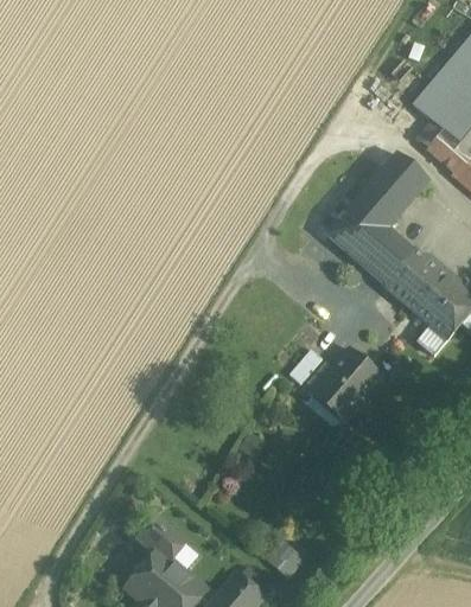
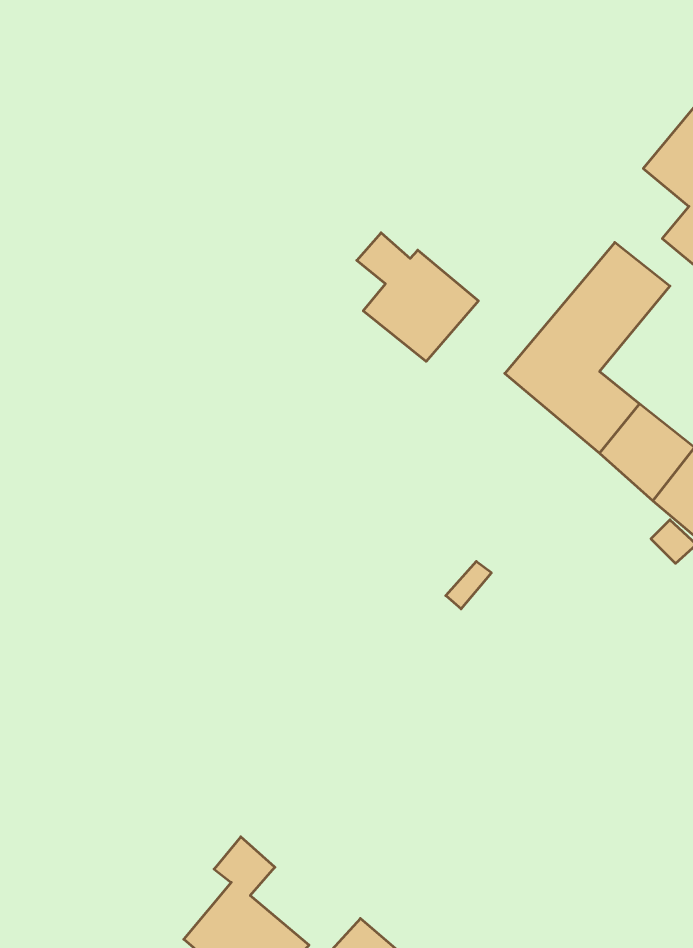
building: none -> [357,233,478,361]
building: [308,347,383,424] -> none
building: [267,538,305,575] -> none

